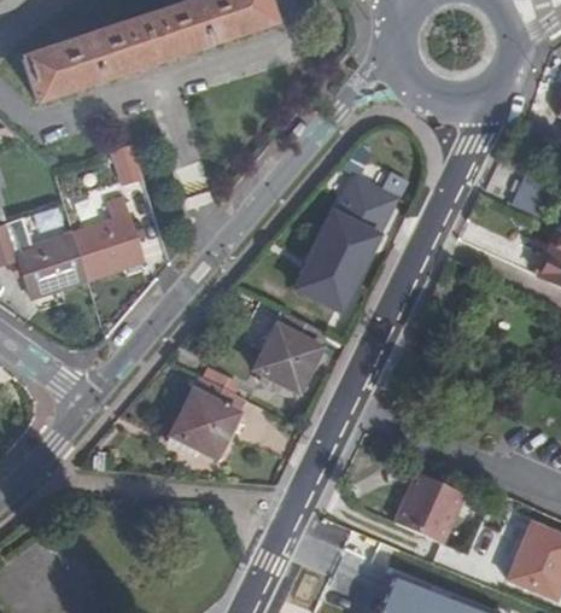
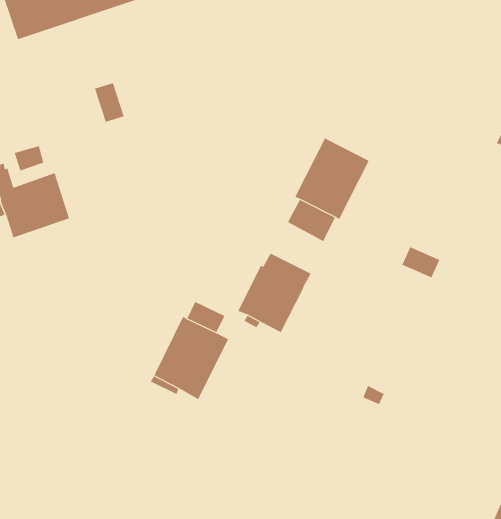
building: [341,159,403,221] -> none
building: [72,195,144,279] -> none
building: [395,473,463,543] -> none

